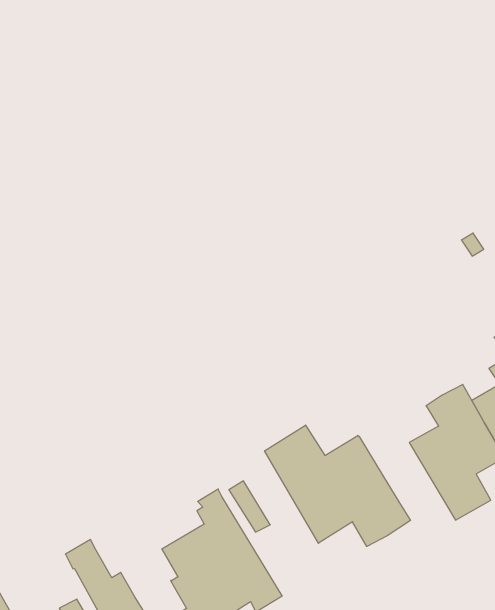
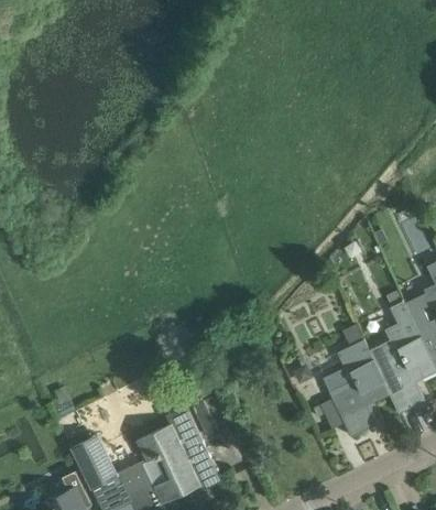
building: [265,425,410,546] -> none

